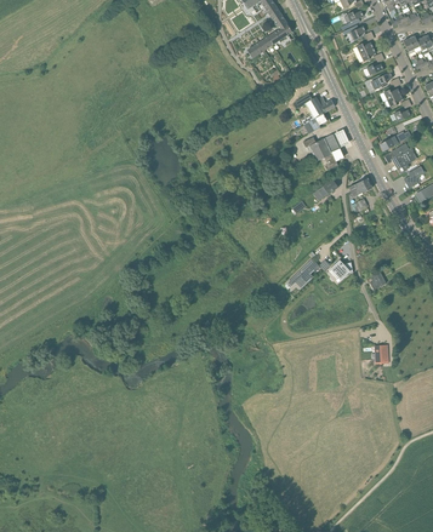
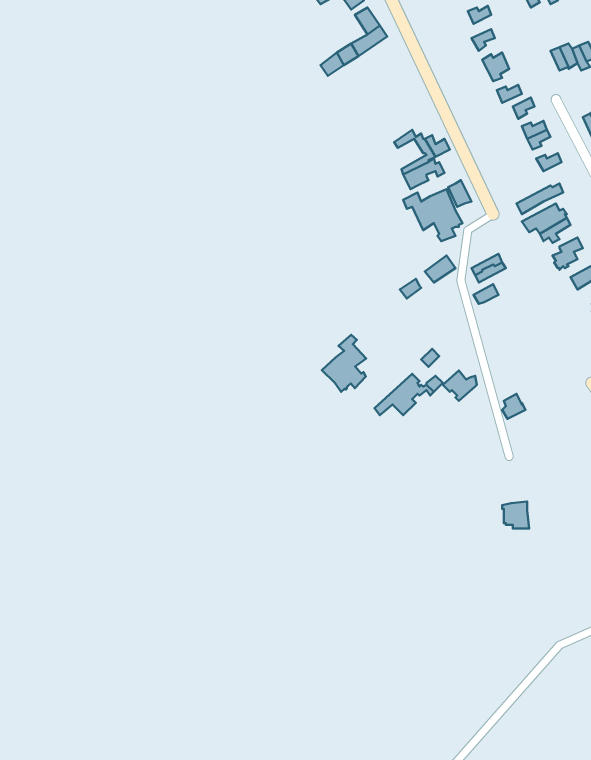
building: none -> [322,335,366,392]

